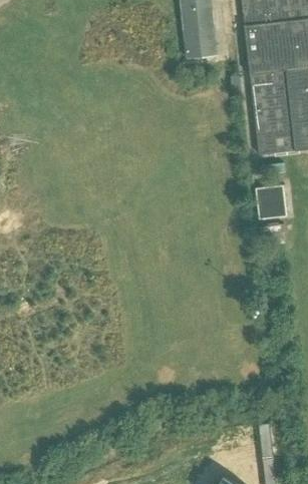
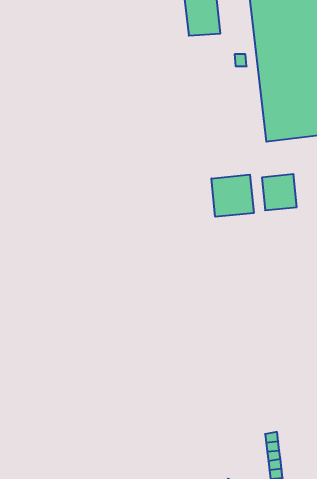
building: none -> [211,175,254,217]

